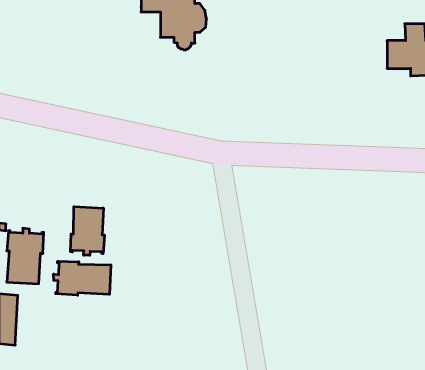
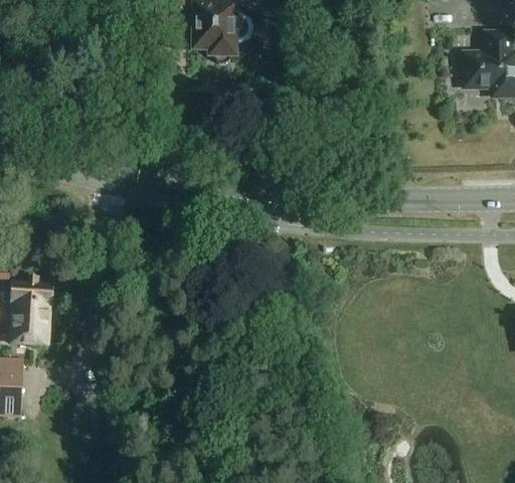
building: [71,207,104,255] -> none
building: [54,261,111,295] -> none

